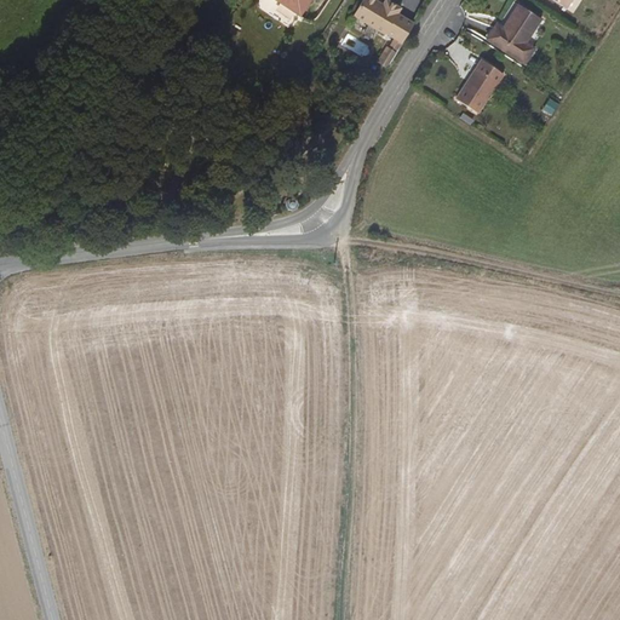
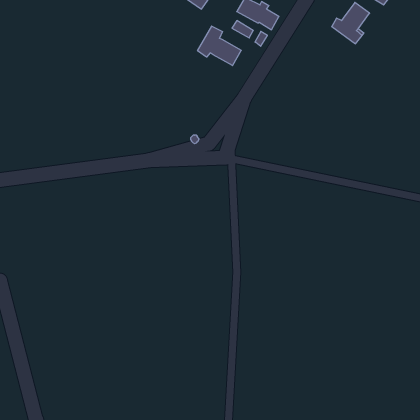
building: none -> [198,26,241,66]
building: [455,56,505,110] -> none

